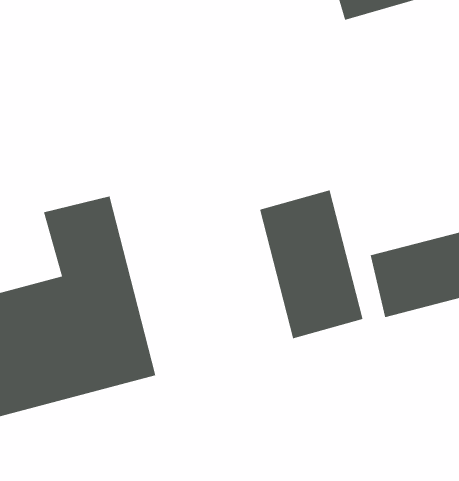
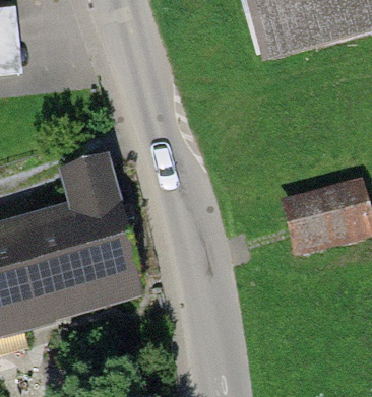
building: [260,190,363,339] -> none

